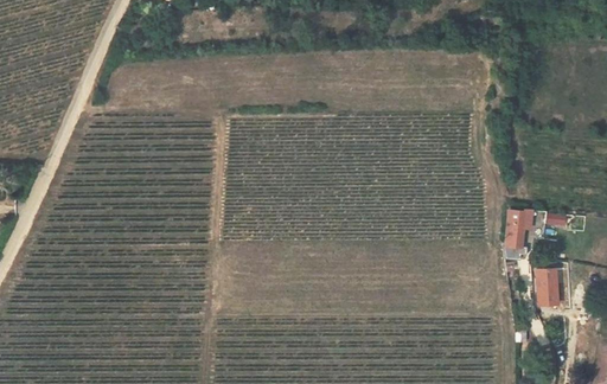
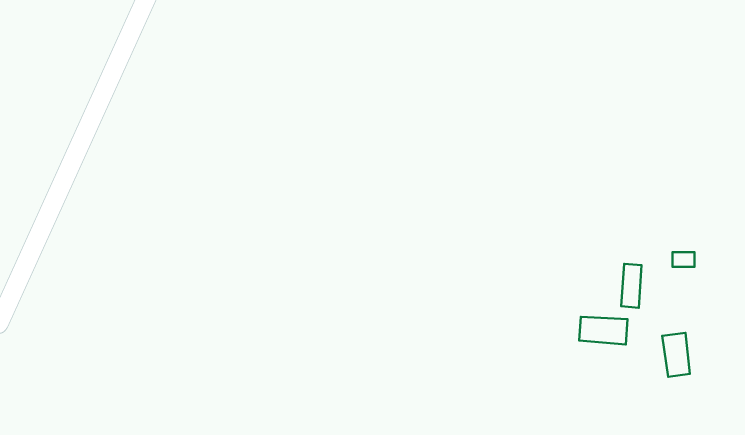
building: none -> [579,317,627,345]

